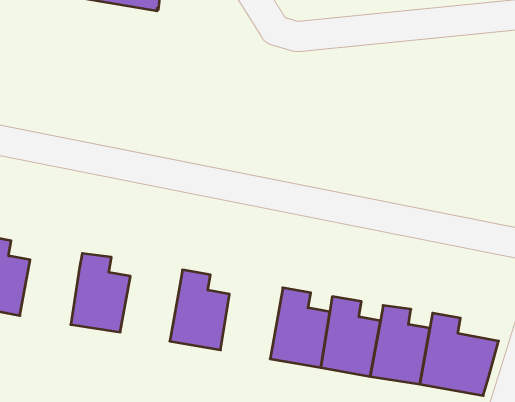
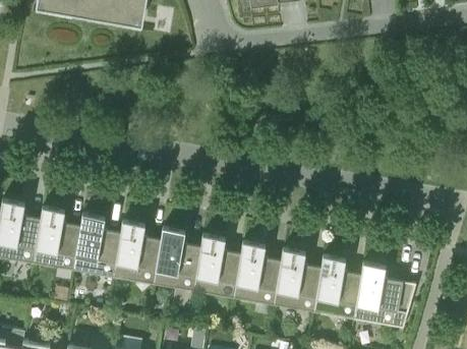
building: none -> [32,207,79,271]
building: none -> [112,220,160,284]
building: none -> [192,234,240,298]

